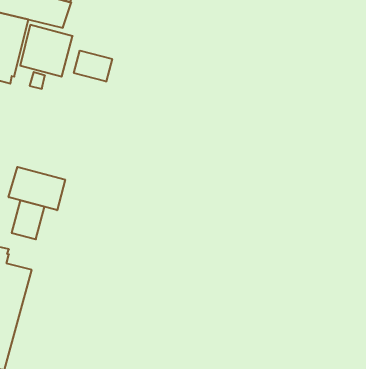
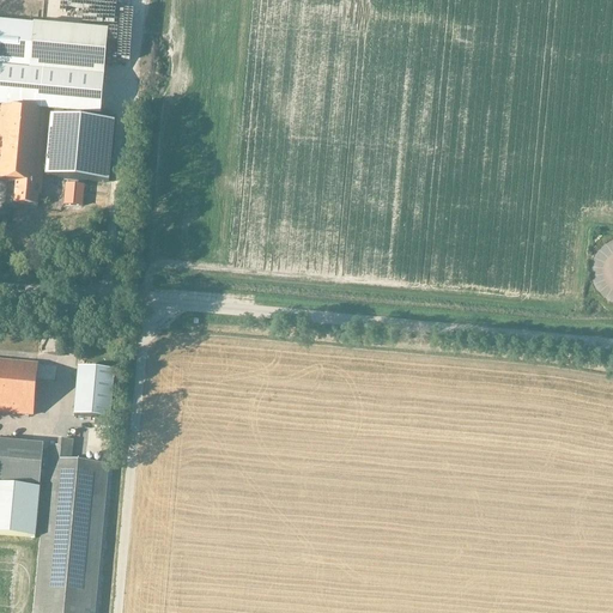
building: [74,51,112,82] -> none
building: [9,167,65,210] -> none

